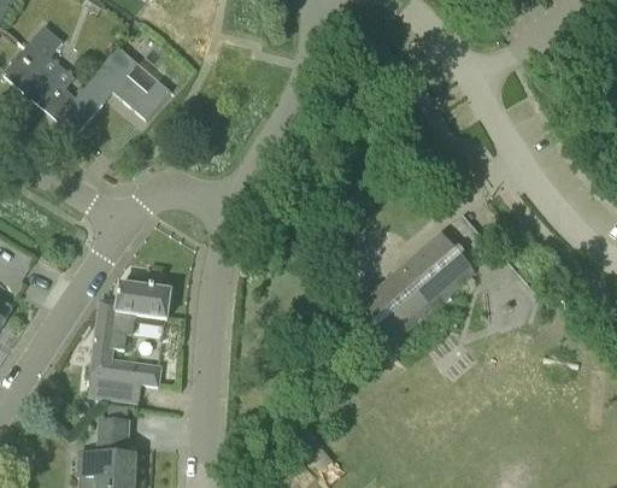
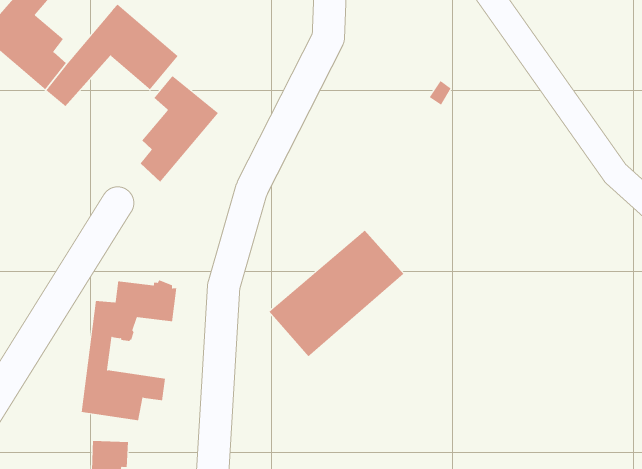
building: none -> [140,75,219,182]
building: [359,234,475,342] -> [269,230,404,357]

